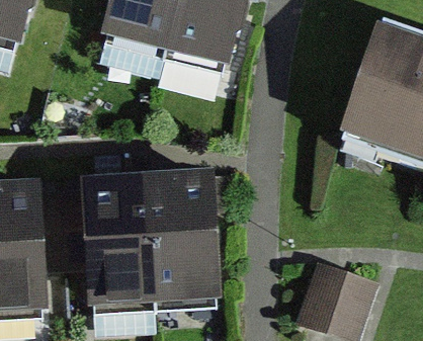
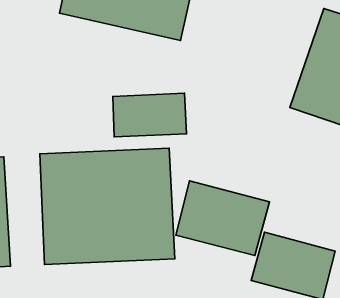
building: none -> [113,93,187,137]
building: none -> [176,181,269,256]

